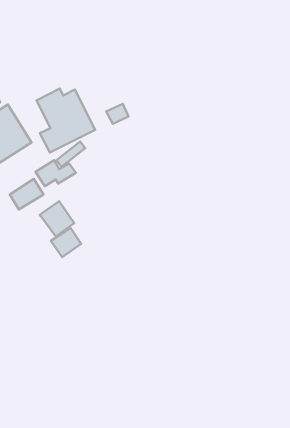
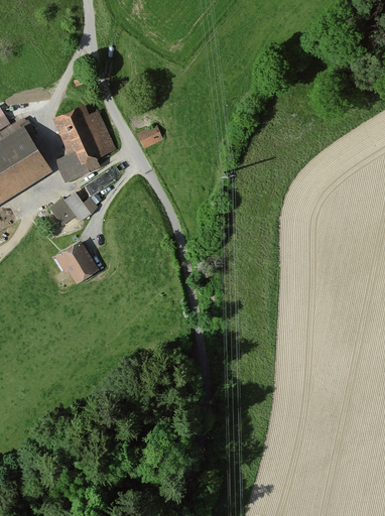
building: [10,179,44,210] -> none
building: [51,228,81,257] -> none

